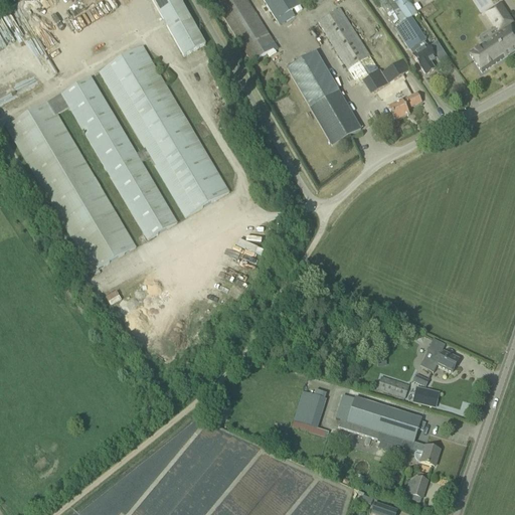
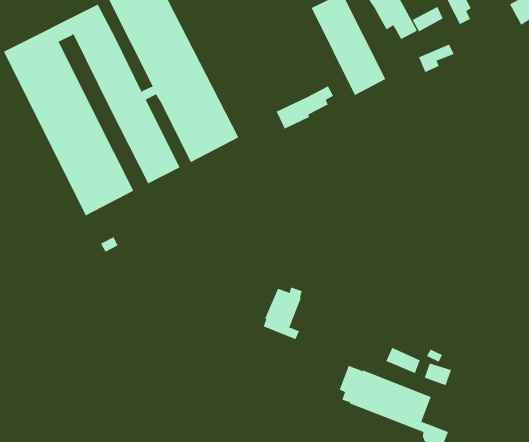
building: none -> [276,85,334,129]
building: [420,338,459,371] -> none
building: [293,388,327,437] -> [263,287,302,340]

